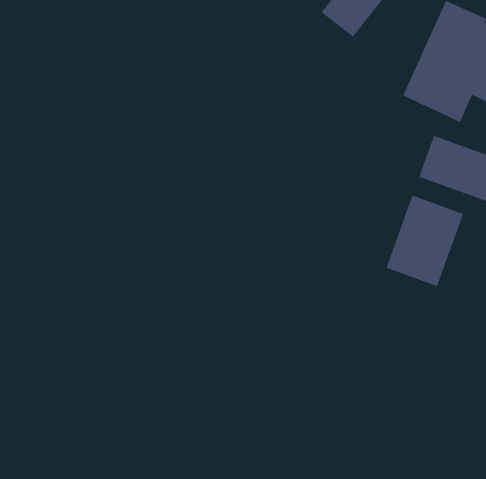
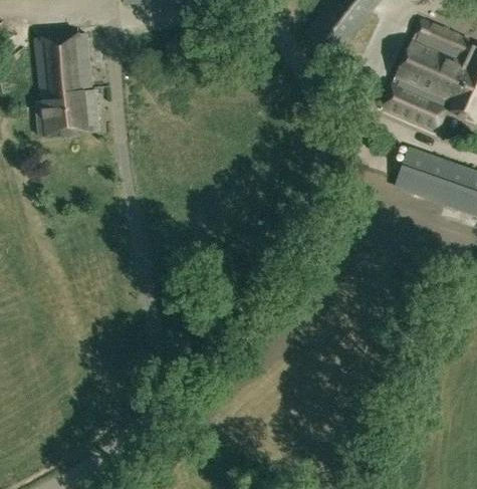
building: none -> [34,33,100,137]
building: [385,195,464,287] -> none

